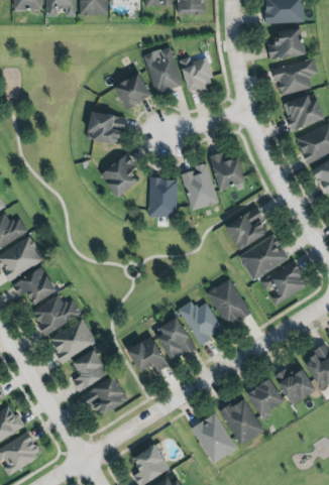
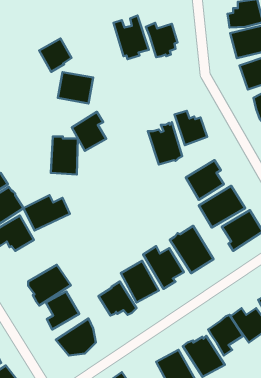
building: [116,76,151,112] -> [39,38,72,72]
building: [149,177,179,219] -> [51,137,78,175]
building: [30,295,81,334] -> [24,195,70,230]

